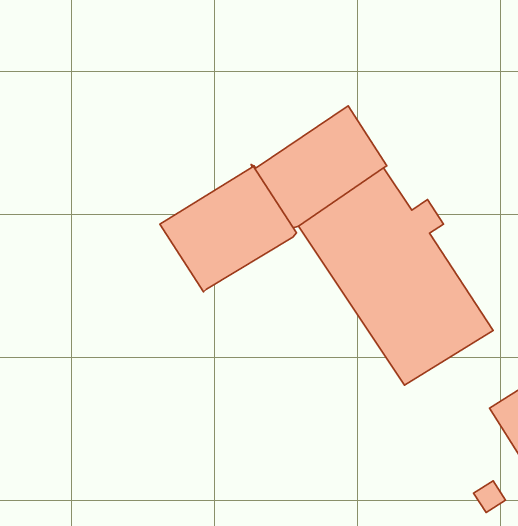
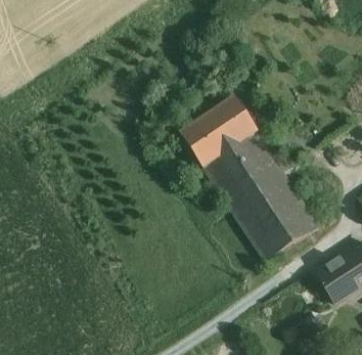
building: [160,165,297,292] -> none

